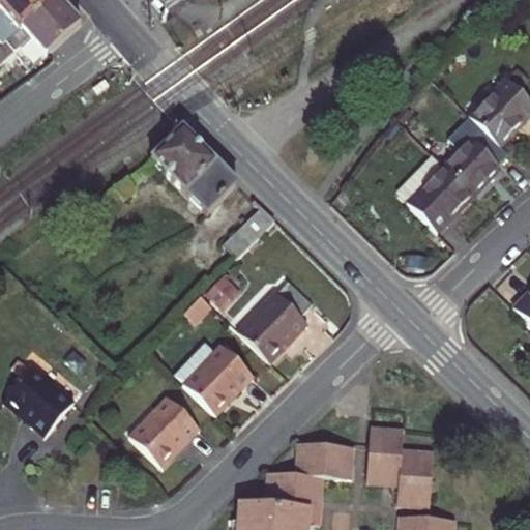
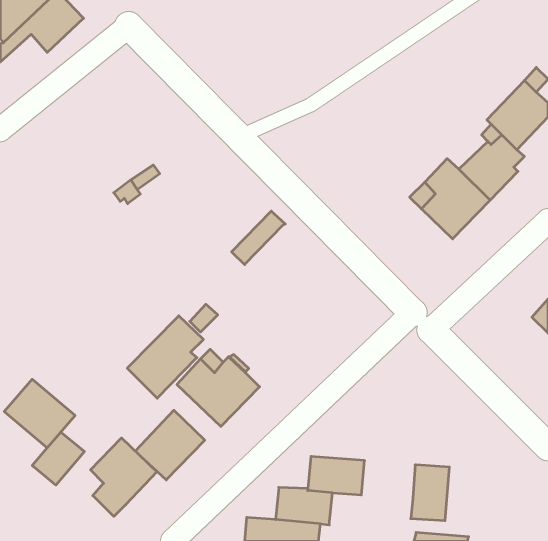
building: [152,126,237,211] -> none
building: [238,281,312,360] -> [127,316,203,398]
building: none -> [32,432,84,485]
building: none -> [91,438,157,516]
building: [366,426,404,481] -> none

